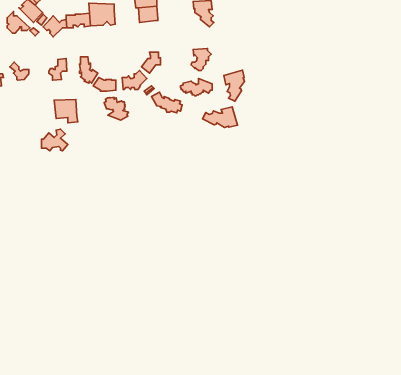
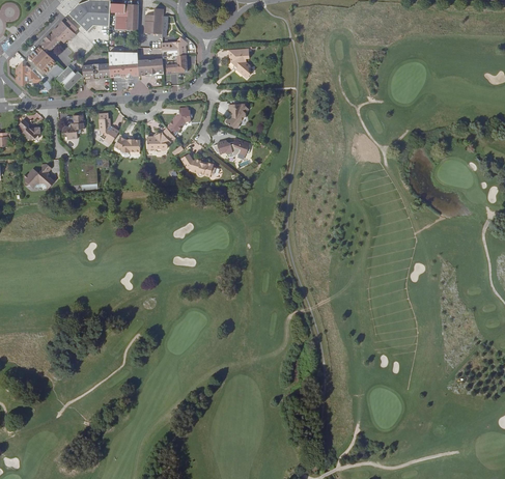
building: none -> [138,58,164,75]
building: [224,70,244,101] -> none
building: [104,97,129,120] -> none
building: [202,107,238,128] -> none
building: [42,129,68,151] -> [25,163,55,188]

